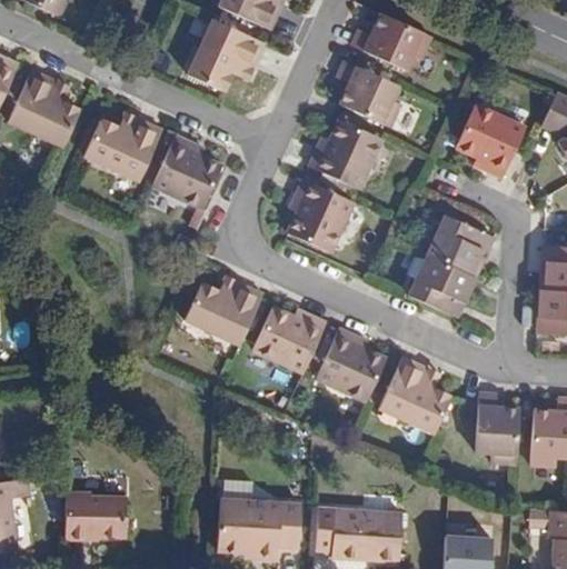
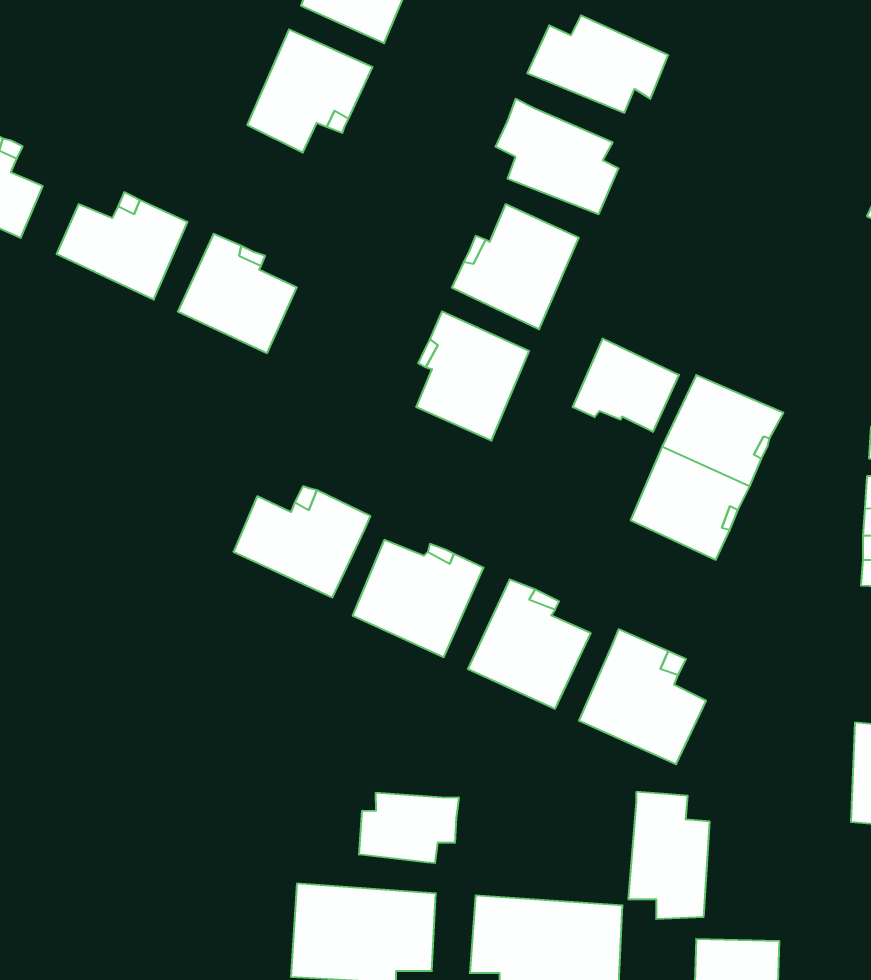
building: [454,106,520,177] -> none
building: none -> [573,338,679,432]
building: [474,393,519,465] -> [628,792,710,919]
building: none -> [359,793,459,863]
building: [64,492,128,541] -> none

